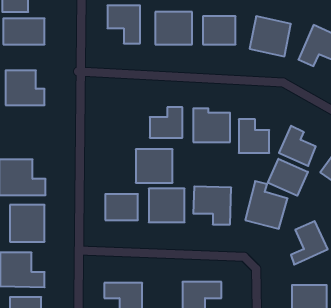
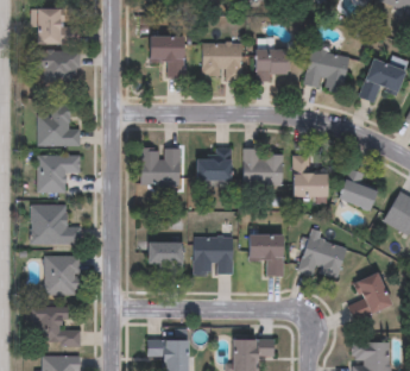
building: none -> [37,153,80,193]
building: [136,149,173,183] -> [139,149,179,186]
building: [268,159,308,196] -> none

